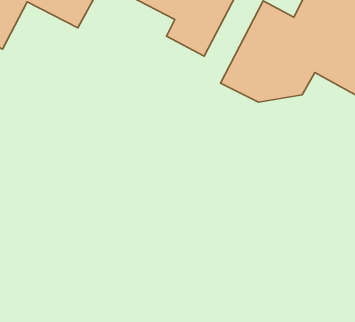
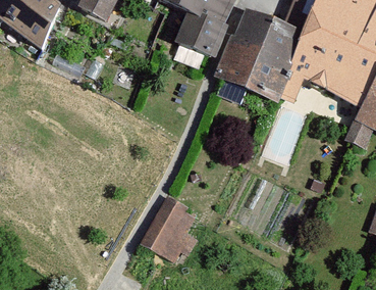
building: none -> [147,197,201,259]

